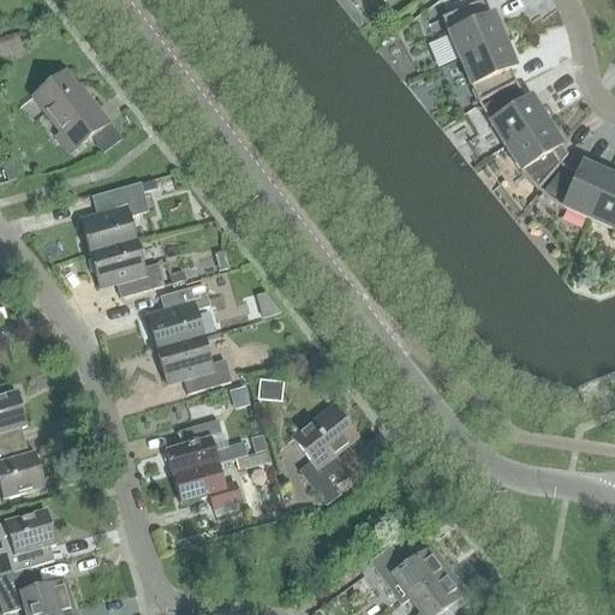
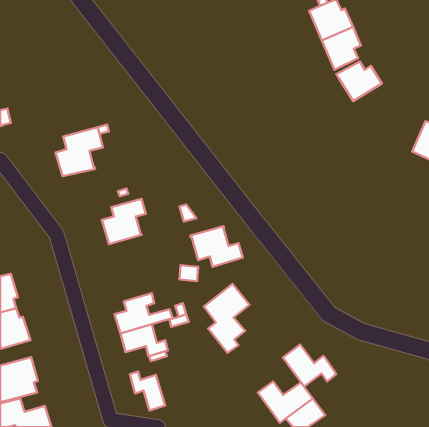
building: [34,70,109,148] -> none
building: [506,119,568,187] -> none
building: [543,161,609,216] -> none
building: [90,241,165,297] -> none
building: [157,335,232,393] -> [191,226,243,267]
building: none -> [283,344,336,387]
building: none -> [130,371,165,410]

